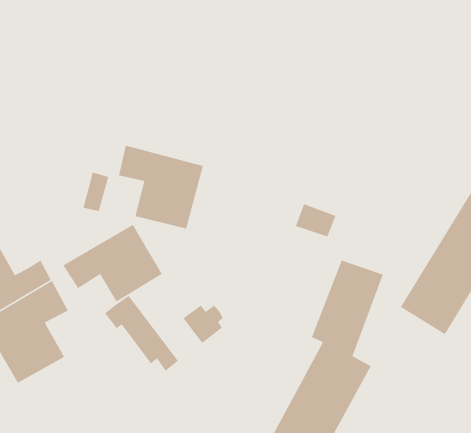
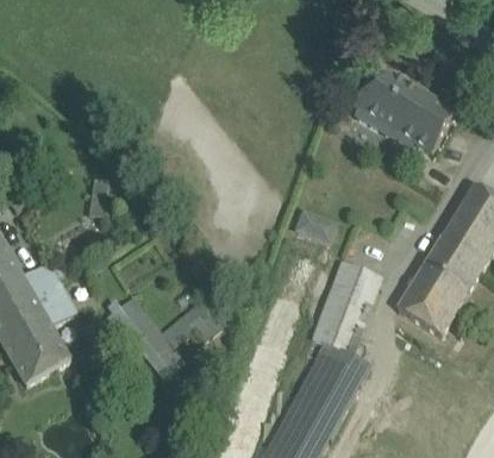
building: none -> [354,65,458,153]
building: [118,145,204,229] -> none
building: [63,224,163,302] -> none

